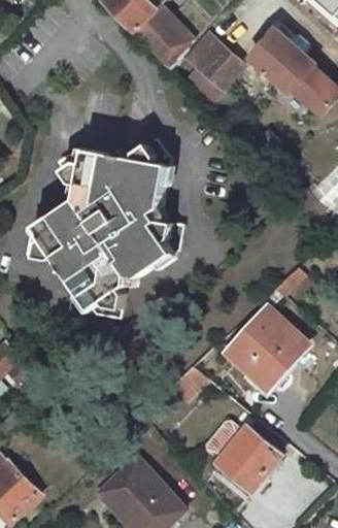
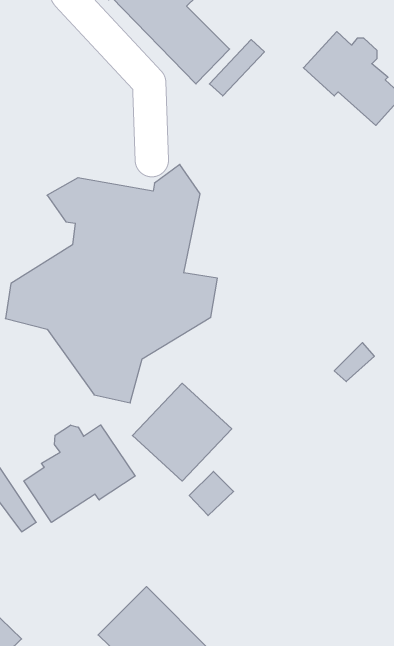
building: [191,44,245,100] -> none
building: [228,312,304,388] -> [132,383,232,481]
building: none -> [24,425,135,522]
building: [213,428,276,490] -> none

